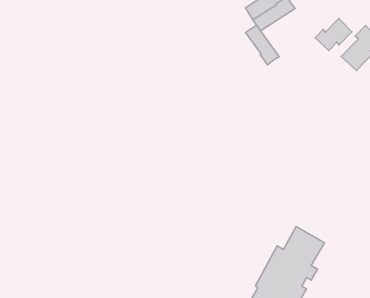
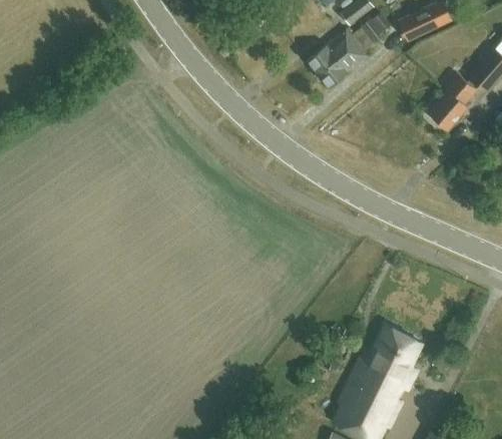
building: [315,18,352,51] -> none
building: [246,25,279,65] -> none

